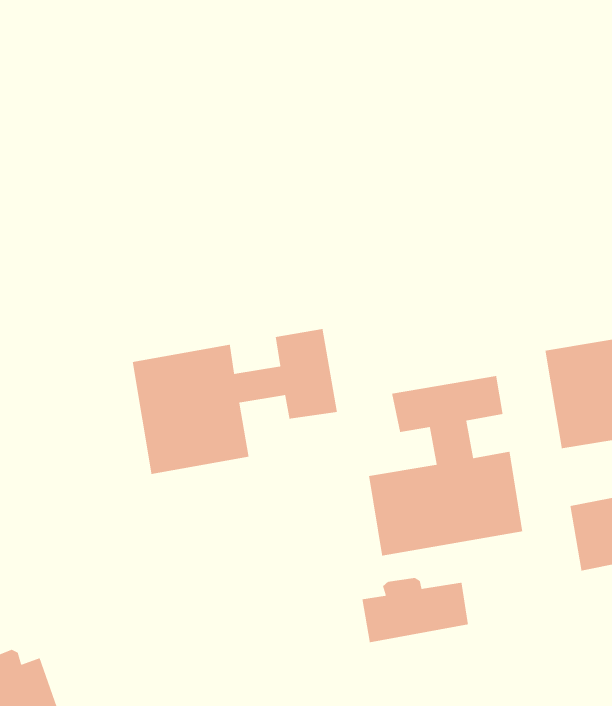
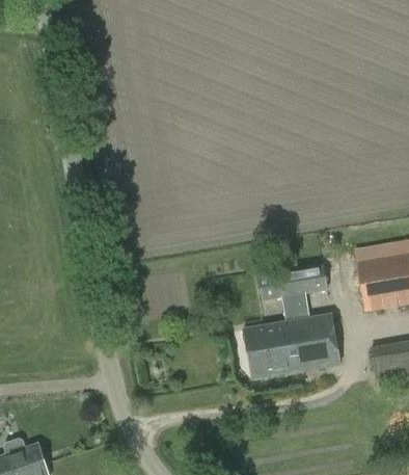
building: [132,328,338,475] -> none
building: [362,577,469,643] -> none

